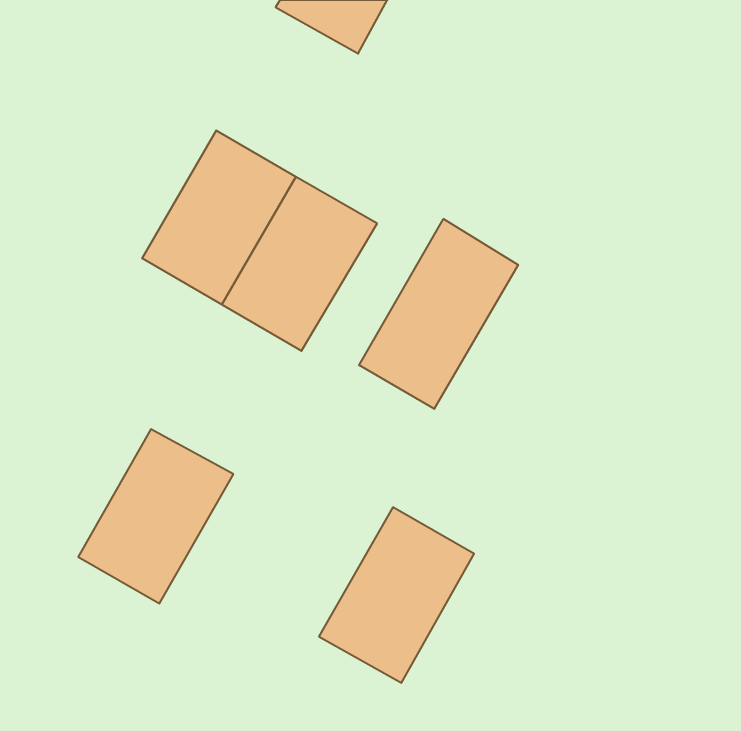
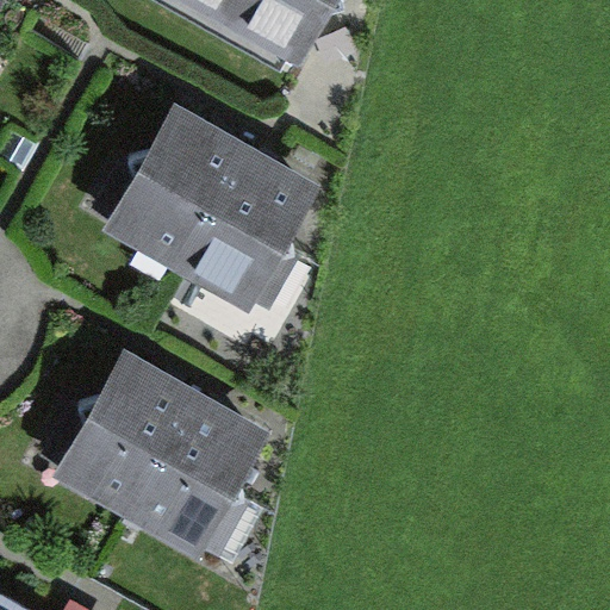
building: [359,219,518,409] -> none
building: [319,507,474,683] -> [131,398,259,542]

